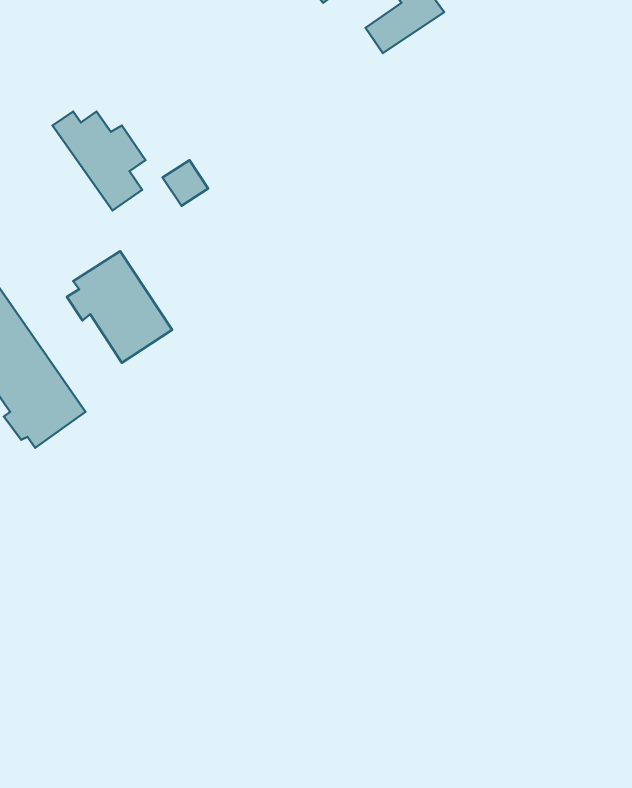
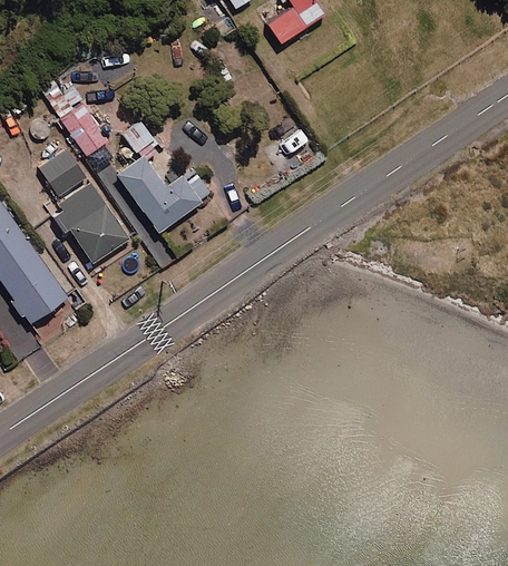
building: none -> [39,148,86,196]
building: none -> [117,155,212,232]

